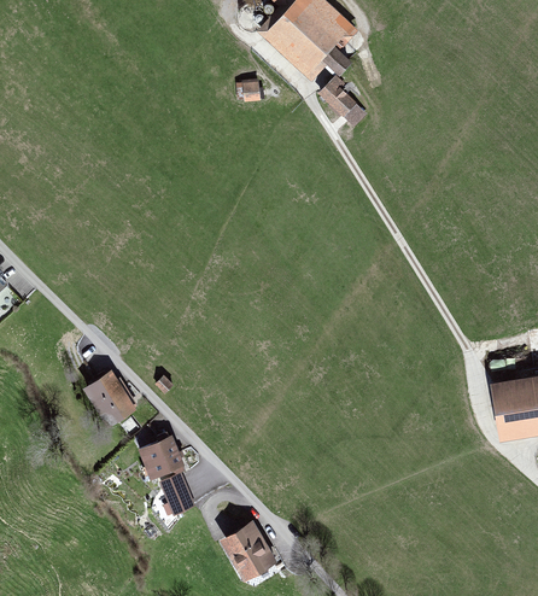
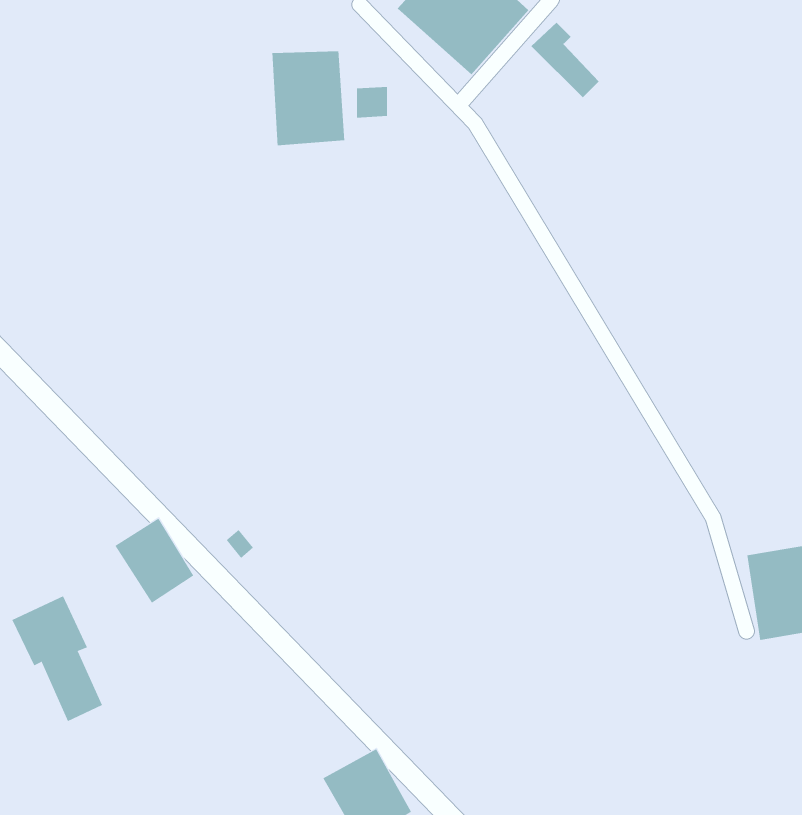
building: none -> [272,51,345,146]
building: [321,80,366,129] -> [531,22,599,98]
building: [136,428,195,510] -> [12,596,103,722]

